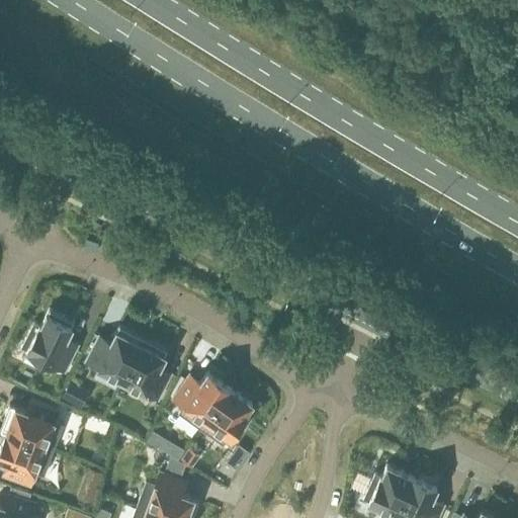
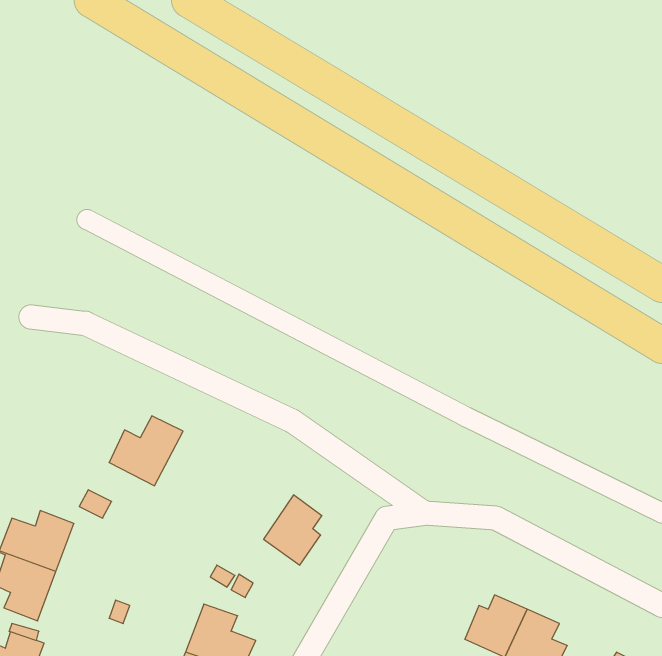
building: [20,314,77,374] -> none
building: [120,342,170,403] -> none
building: [172,376,229,426] -> none

